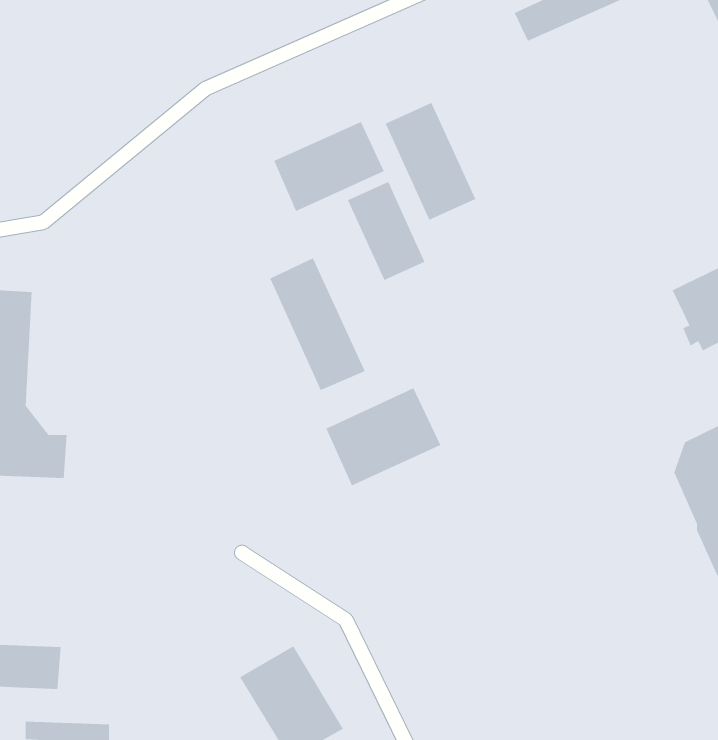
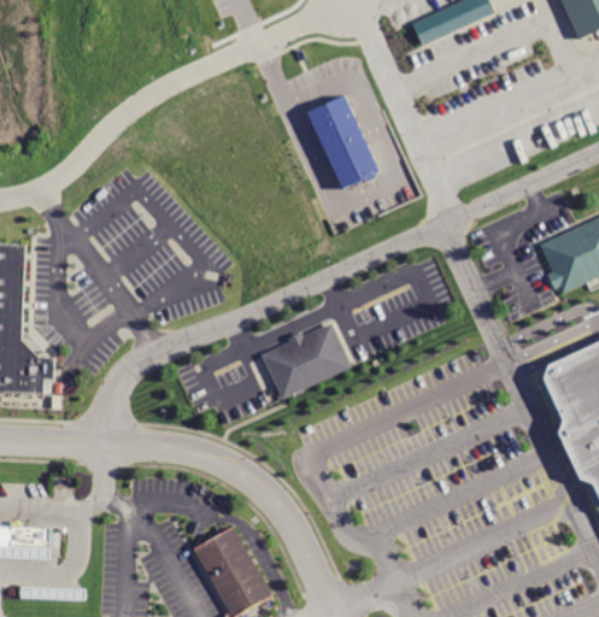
building: [273,121,385,212] -> none
building: [347,181,425,281] -> none
building: [270,258,366,391] -> none

